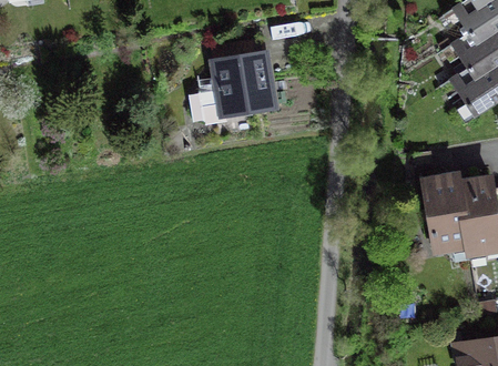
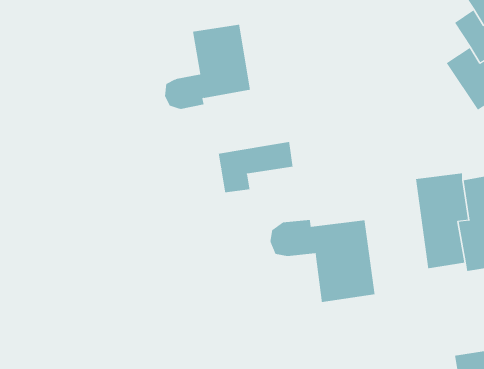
building: none -> [218,141,293,193]
building: none -> [270,219,375,303]

